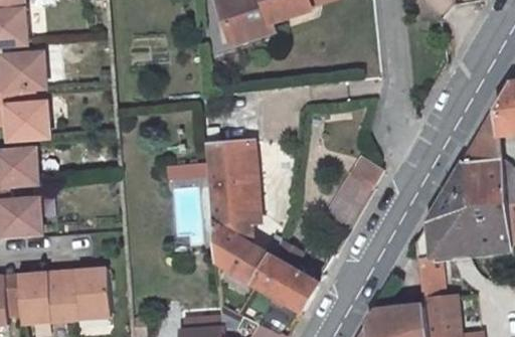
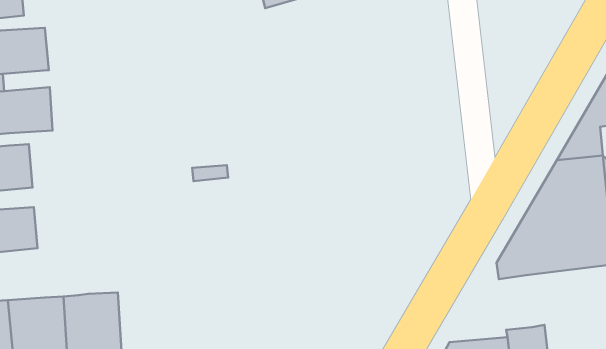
building: [205,143,319,310] -> none
building: [329,157,382,228] -> none
building: [416,255,444,299] -> none

